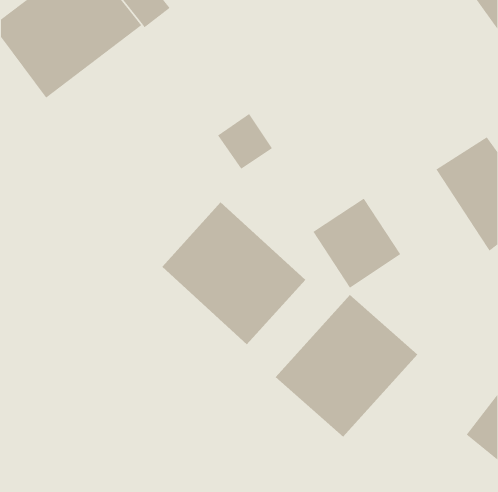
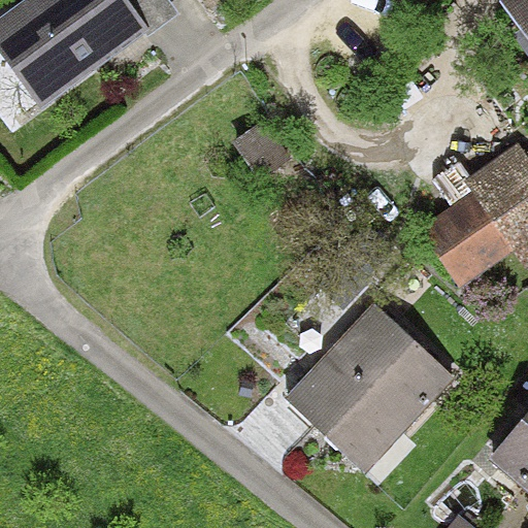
building: [312,198,401,288] -> [414,191,507,287]
building: [161,201,306,345] -> none

